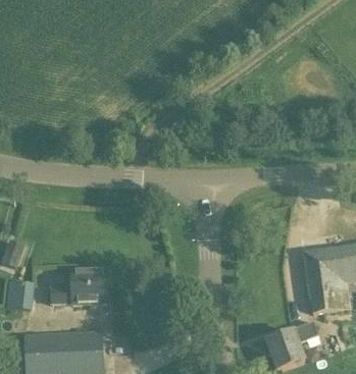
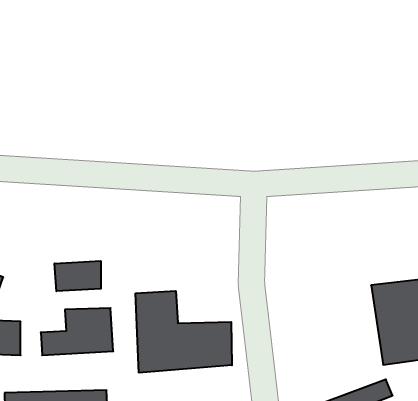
building: none -> [55,261,101,291]
building: none -> [136,291,232,373]

